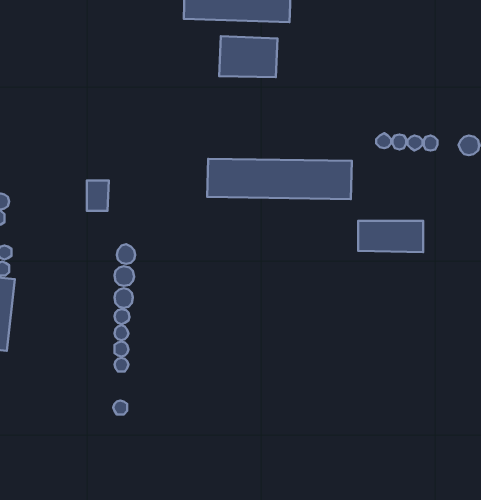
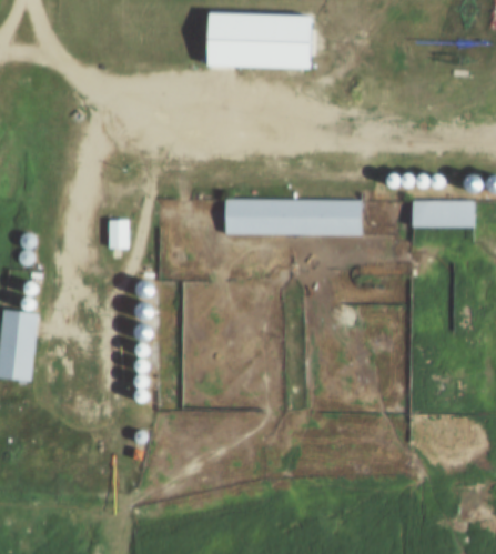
building: [219,36,278,77] -> none
building: [358,221,423,252] -> [415,201,477,231]

